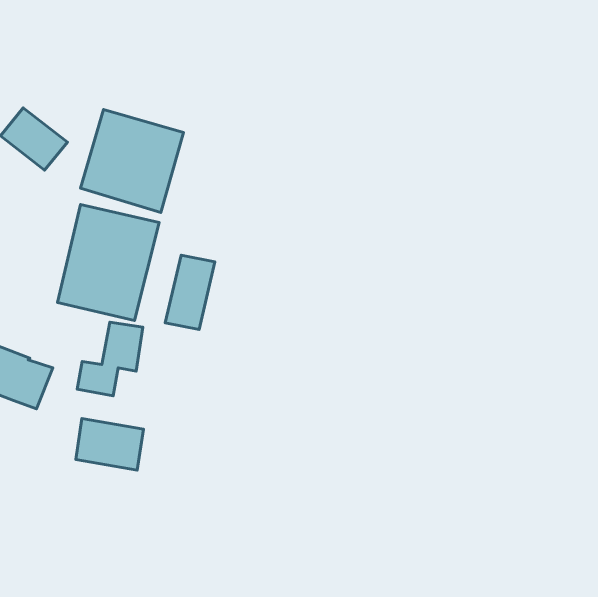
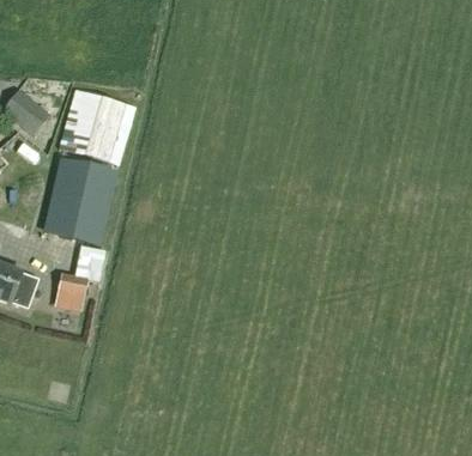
building: [165,255,215,330] -> none
building: [76,418,143,470] -> none

